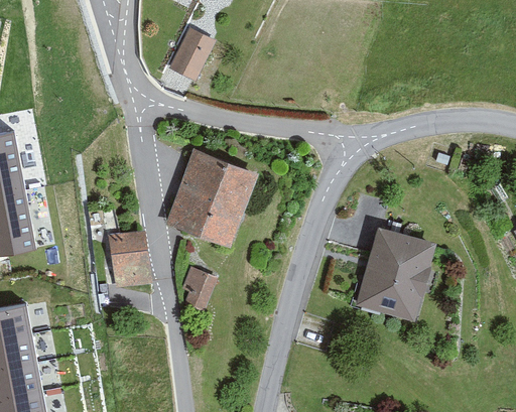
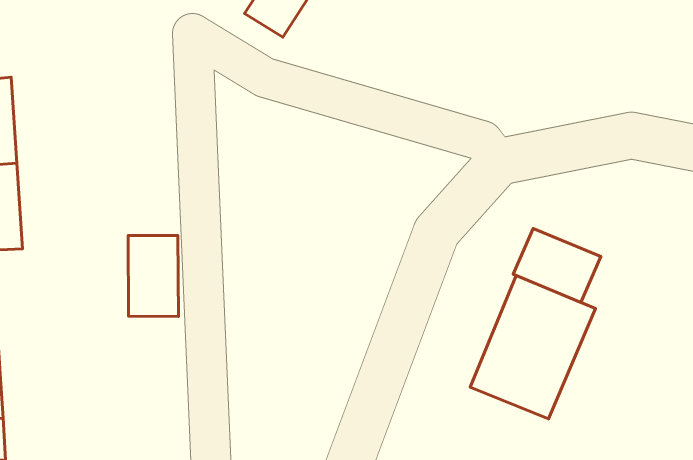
building: [169,152,256,246] -> none
building: none -> [513,228,601,302]
building: [178,263,219,307] -> none

